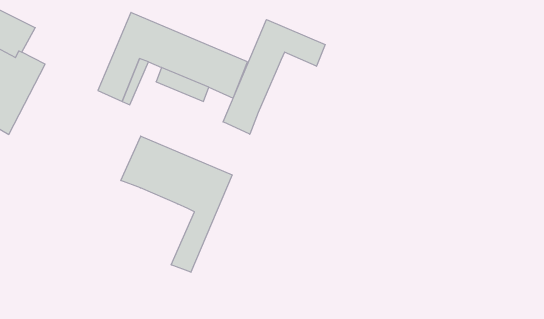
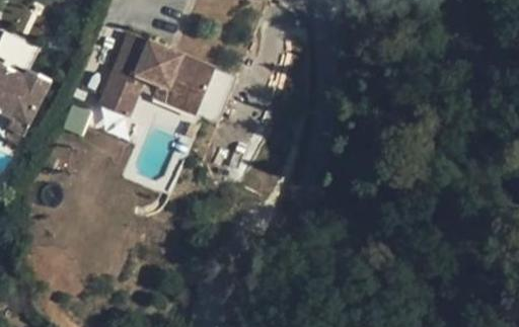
building: [223,20,325,134] -> none
building: [121,136,232,272] -> none

